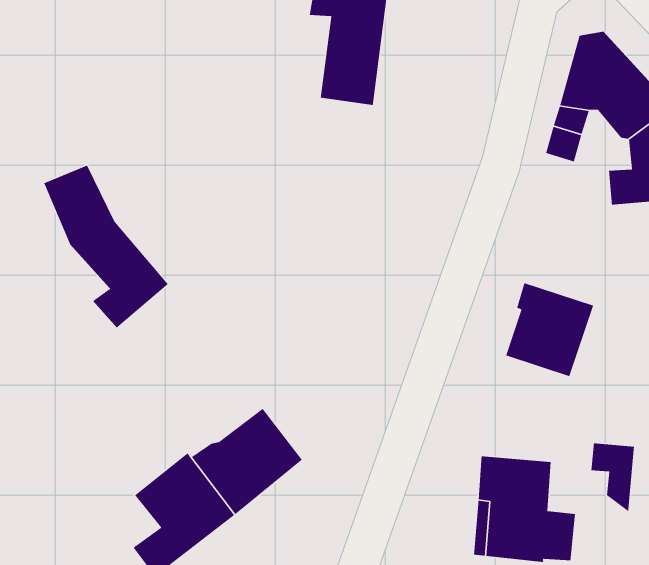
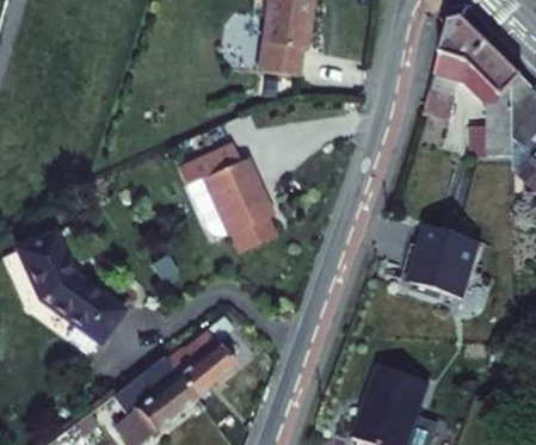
building: [43,164,169,329] -> [19,234,117,361]
building: none -> [185,148,279,257]
building: [591,443,635,513] -> none

